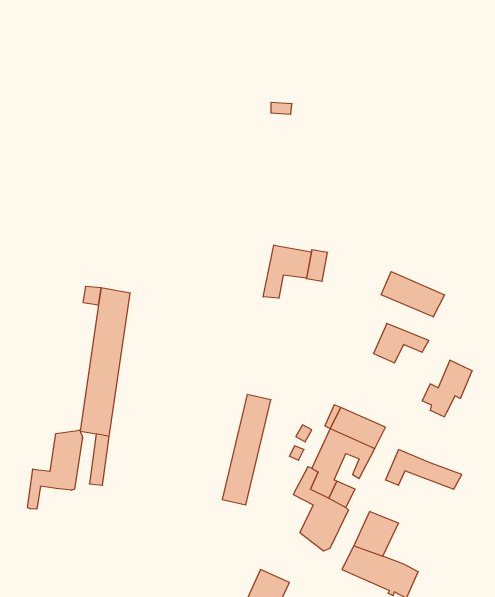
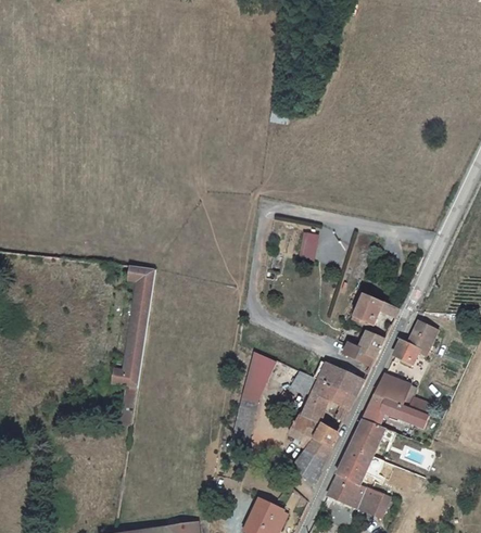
building: [263,245,311,298] -> none
building: [381,272,445,317] -> none
building: none -> [344,328,385,363]
building: none -> [375,372,412,407]
building: [28,430,82,509] -> none
building: none -> [351,421,396,457]

